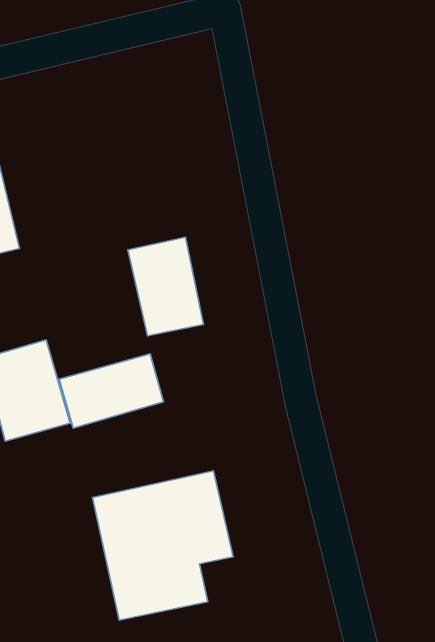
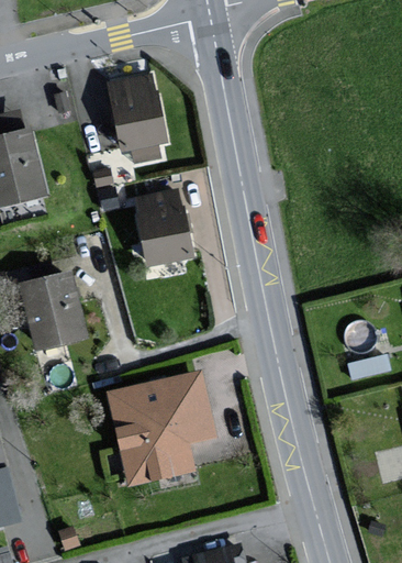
building: none -> [107,70,168,166]
building: [59,354,163,428] -> none

